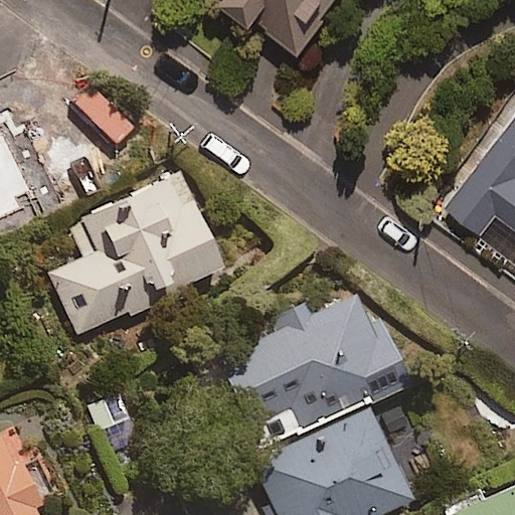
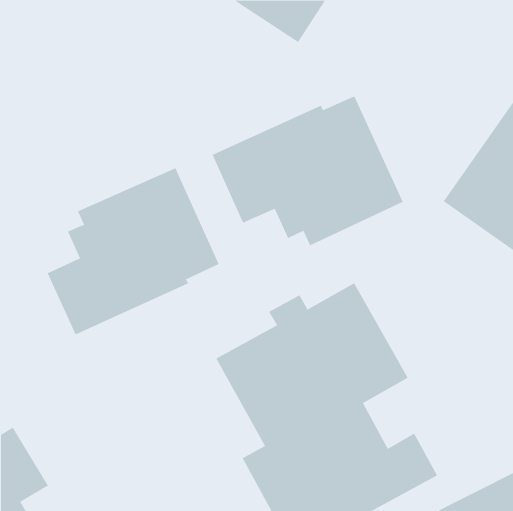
building: none -> [212,96,403,246]

